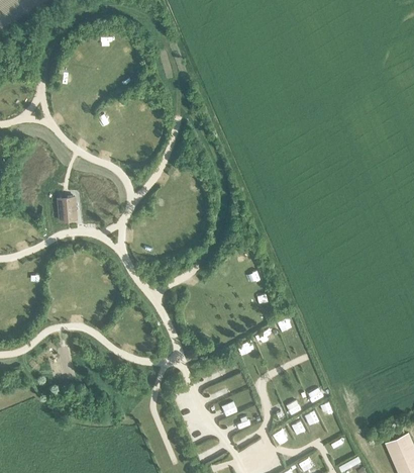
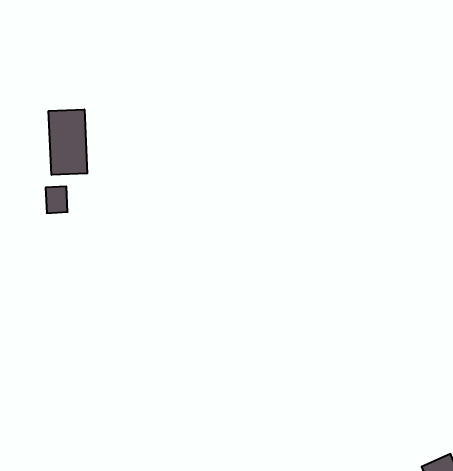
building: none -> [49,109,87,175]

